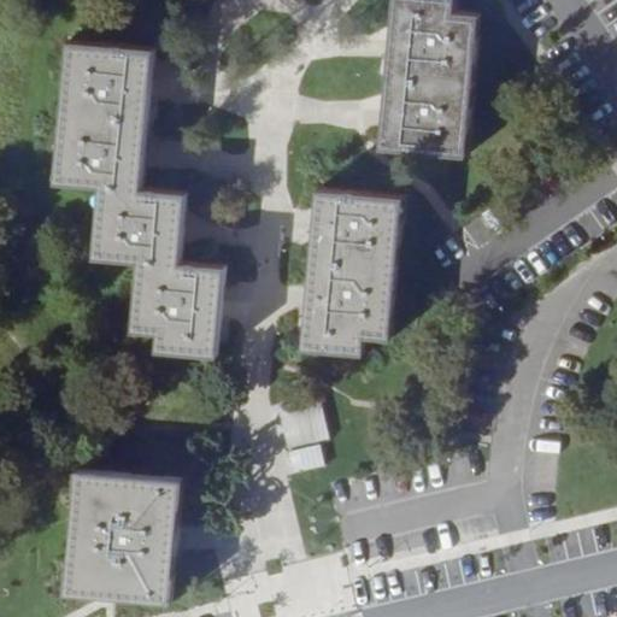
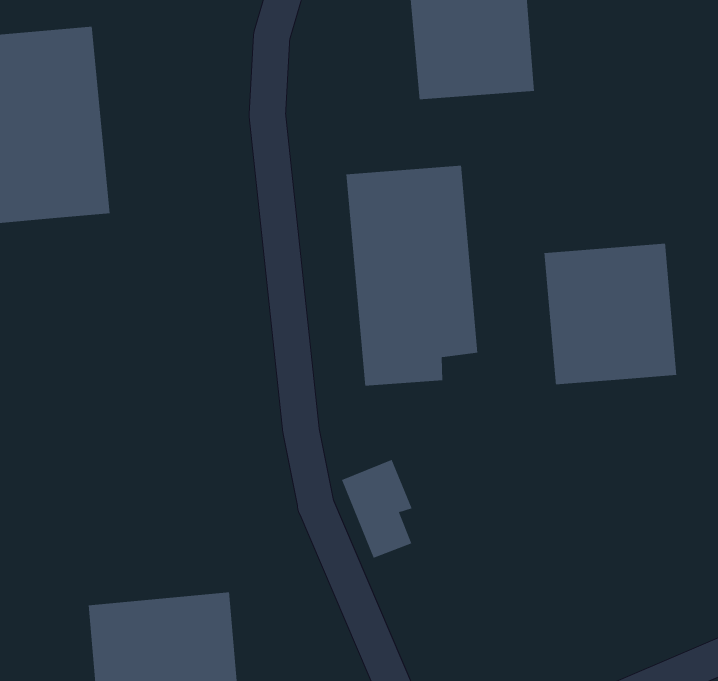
building: [92,187,223,357] -> none
building: none -> [544,243,677,385]

